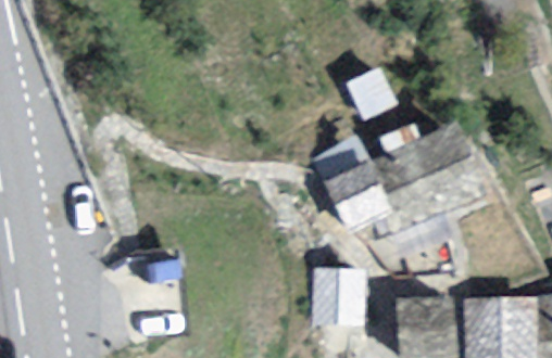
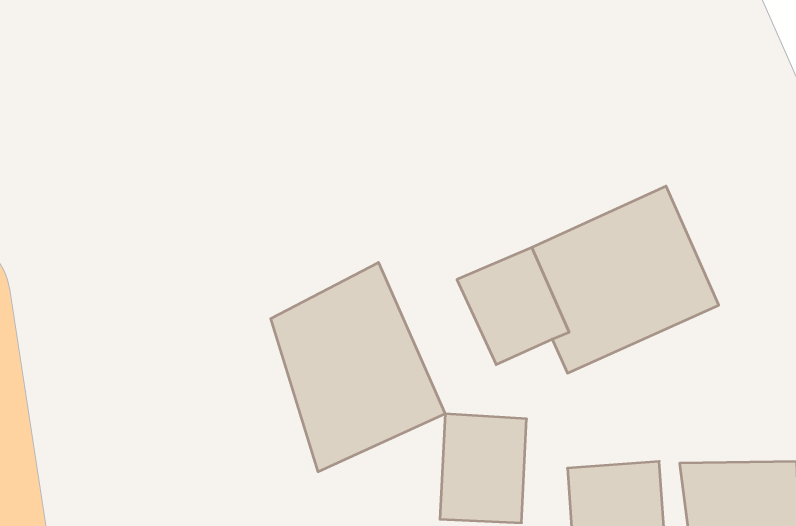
building: none -> [271,262,445,472]

